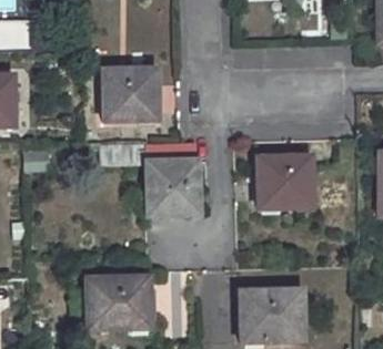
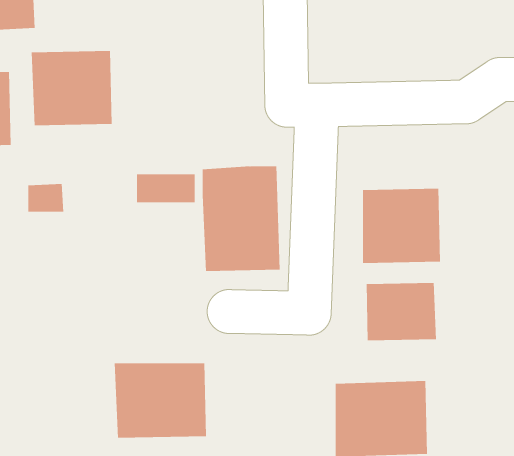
building: [102,69,159,121] -> [31,51,112,126]
building: none -> [366,282,437,341]

